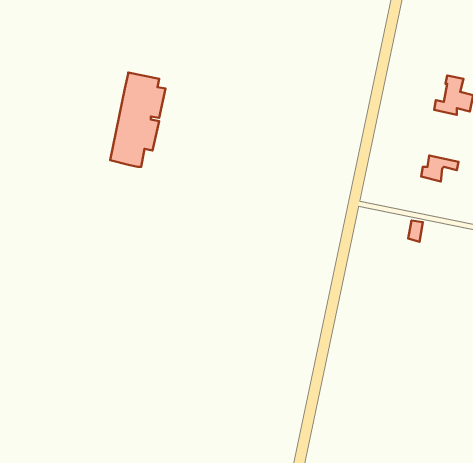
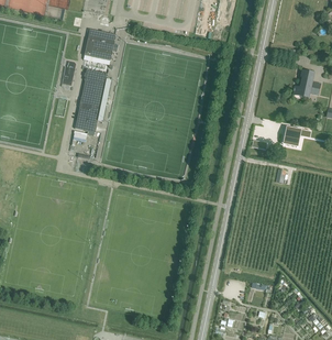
building: none -> [85,29,117,59]

